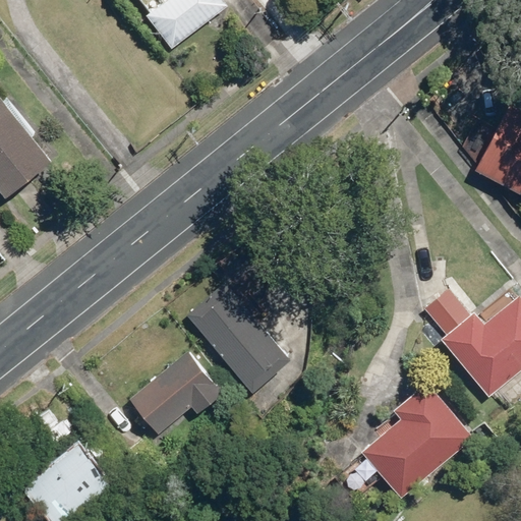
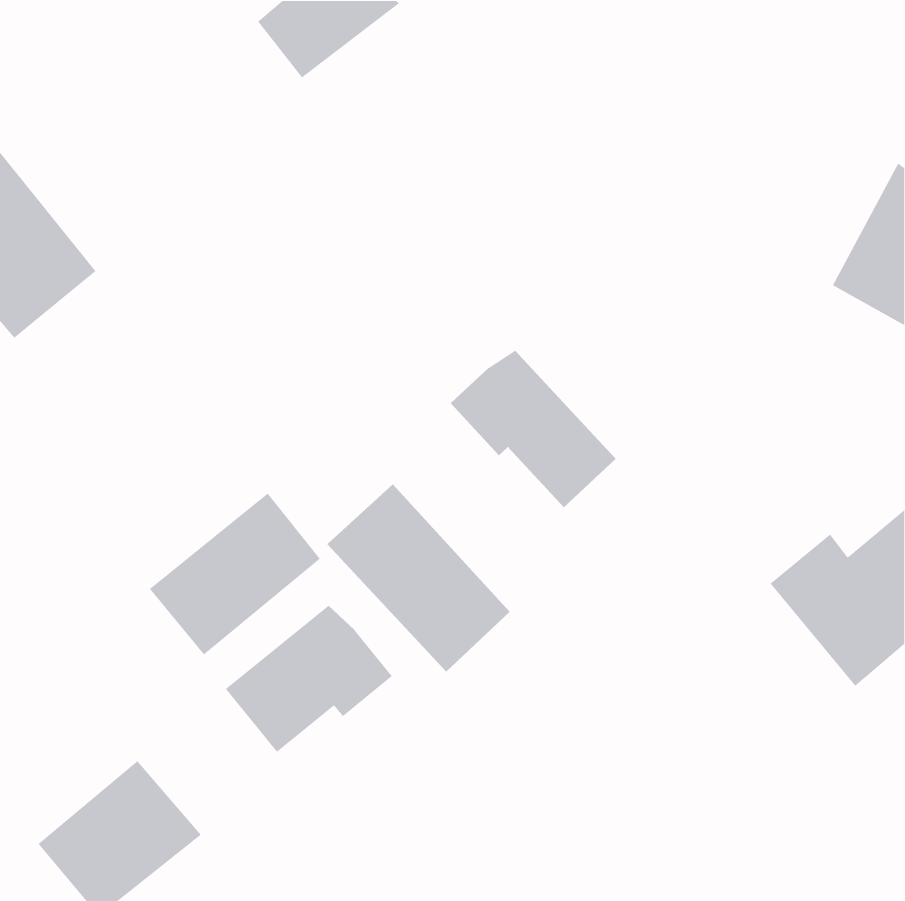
building: none -> [450,350,616,508]
building: none -> [149,493,321,656]
building: [361,382,473,499] -> none

